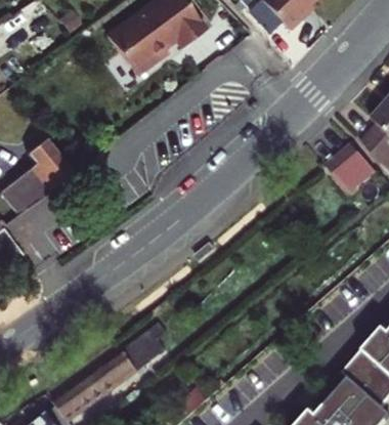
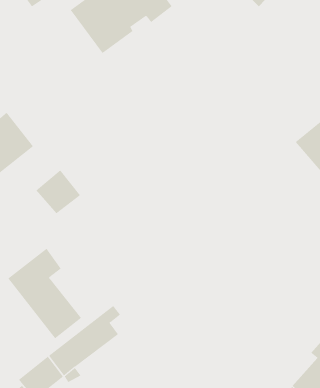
building: none -> [36,169,81,214]
building: none -> [8,248,82,339]

